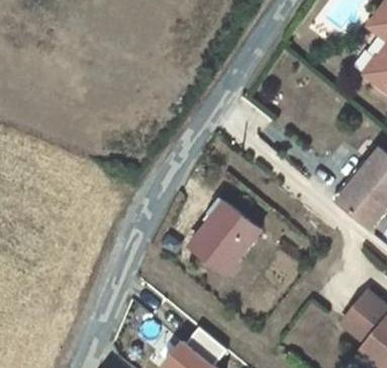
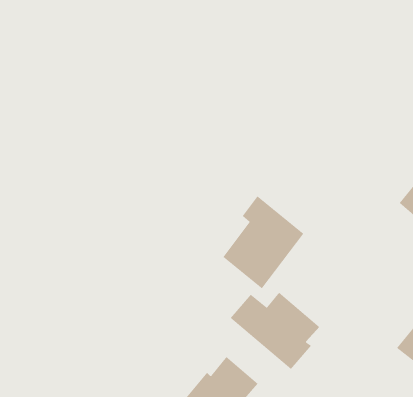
building: none -> [230,292,320,370]

